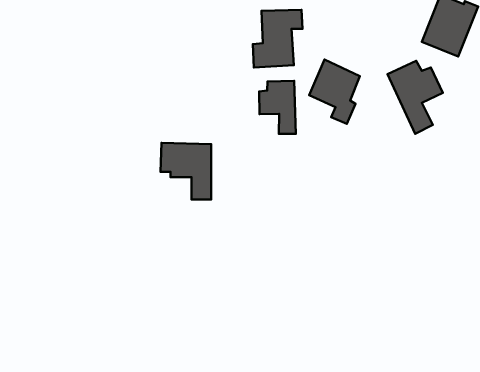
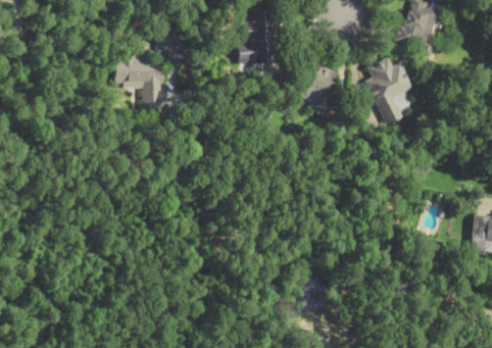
building: [259,81,296,134] -> none
building: [160,143,211,199] -> [117,57,164,109]

